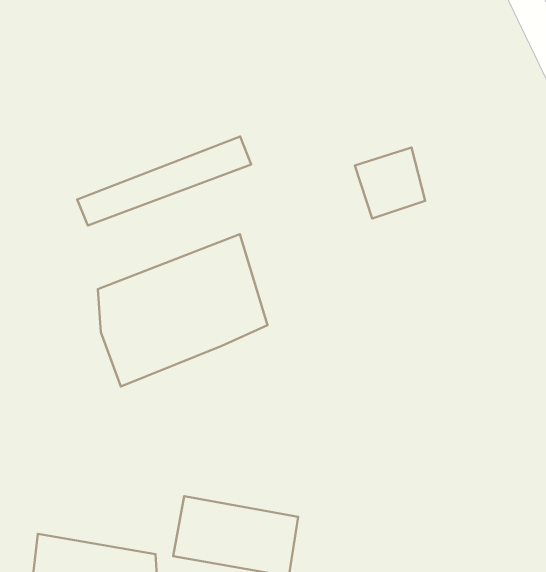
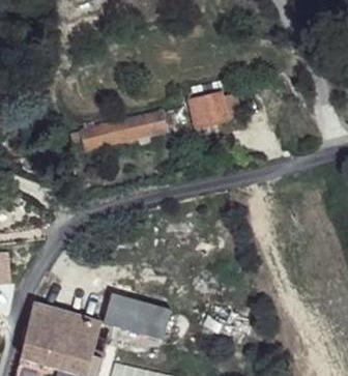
building: [355,148,425,218] -> [193,87,228,122]
building: [98,234,268,387] -> none

